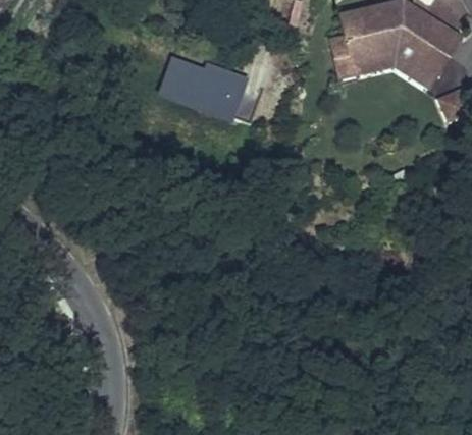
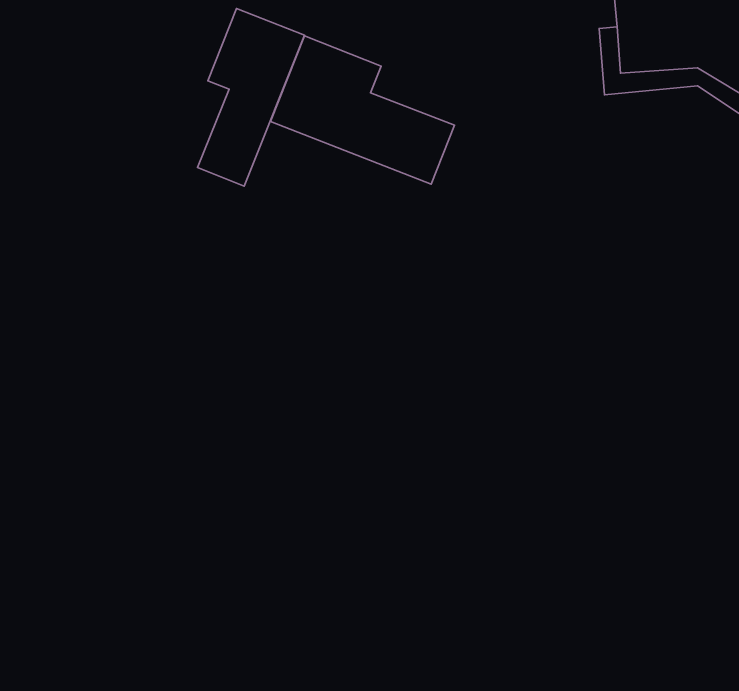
building: none -> [197,8,305,186]

